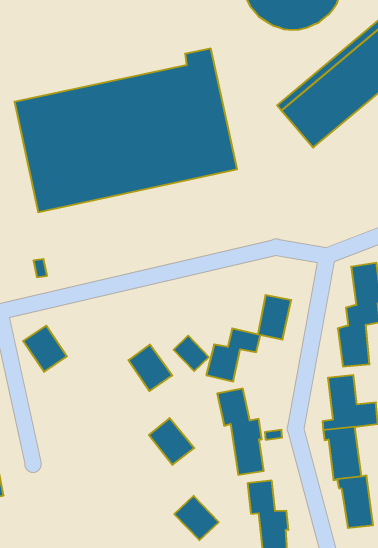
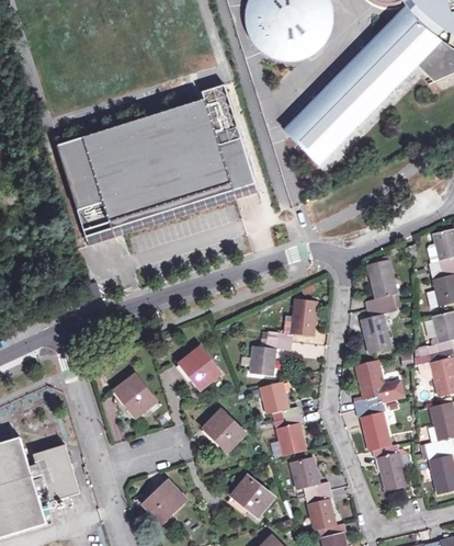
building: [23,326,67,372] -> [116,374,156,414]
building: [174,336,209,371] -> none
building: none -> [145,478,184,517]

